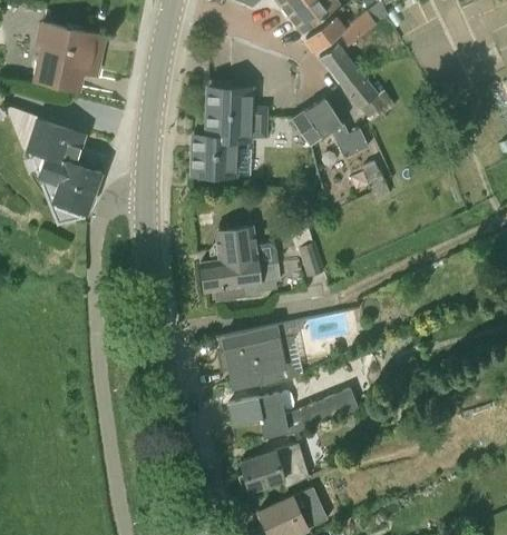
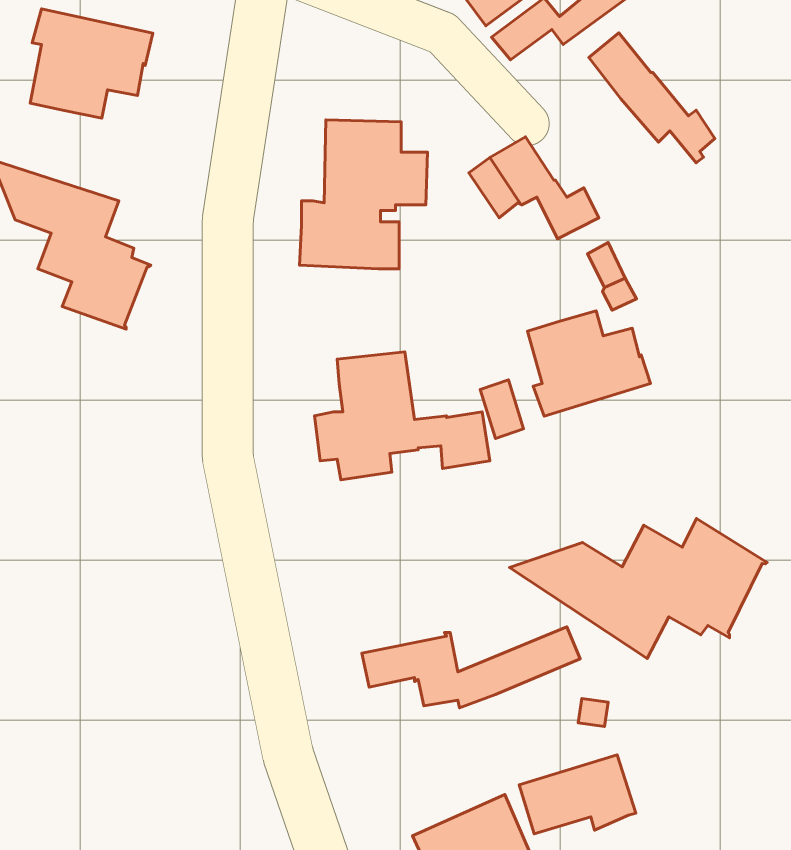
building: [320,44,394,121] -> [589,33,715,163]
building: none -> [528,311,651,416]
building: none -> [509,518,767,658]
building: [214,326,290,385] -> none
building: [241,444,310,491] -> [519,755,636,834]

